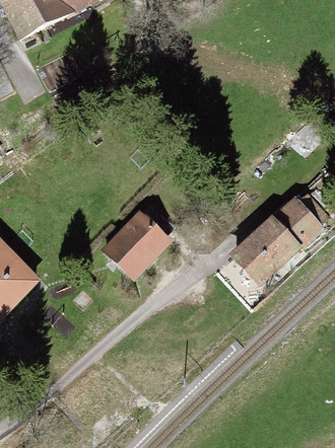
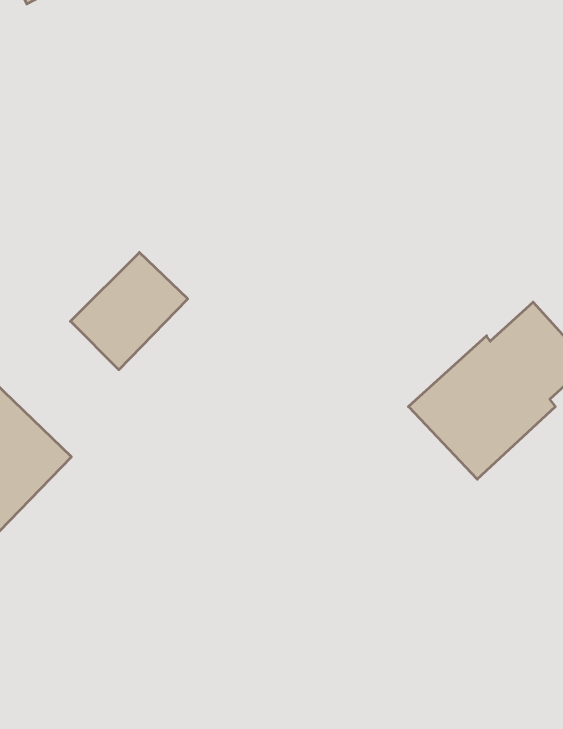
building: [106,214,170,278] -> [70,252,188,370]

